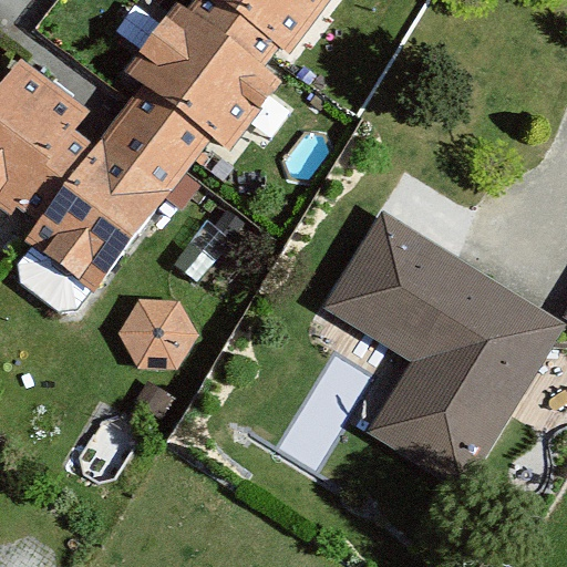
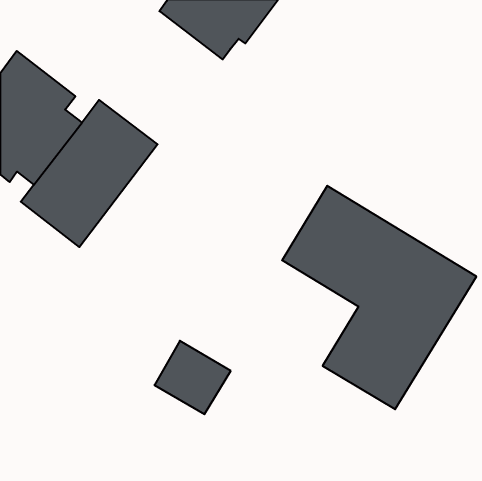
building: [116,8,276,169] -> none
building: [115,286,205,372] -> [154,341,231,414]

